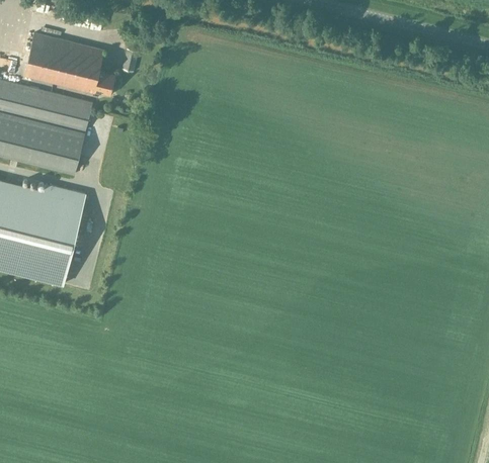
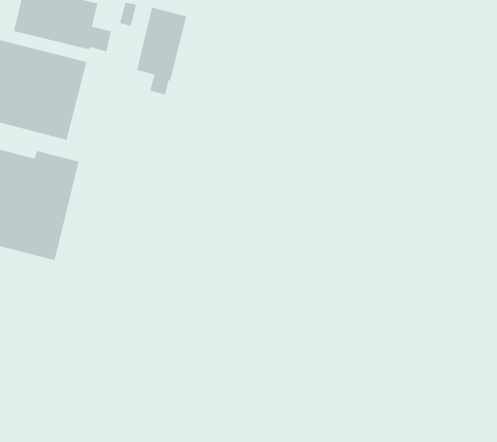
building: none -> [137,7,187,96]

